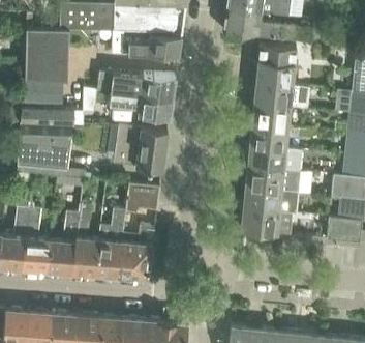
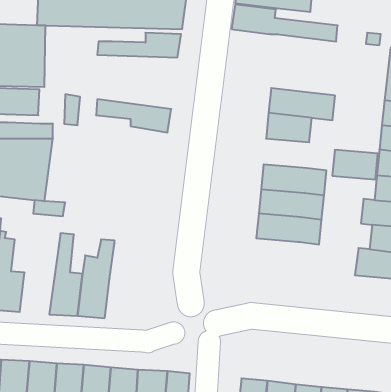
building: [256,45,297,86] -> none
building: [98,69,176,99] -> none
building: [114,124,168,170] -> none
building: [250,124,288,149] -> [332,150,378,179]
building: [125,183,160,213] -> none
building: [241,208,280,234] -> none
building: [45,211,79,273] -> none
building: [117,226,155,278] -> none

